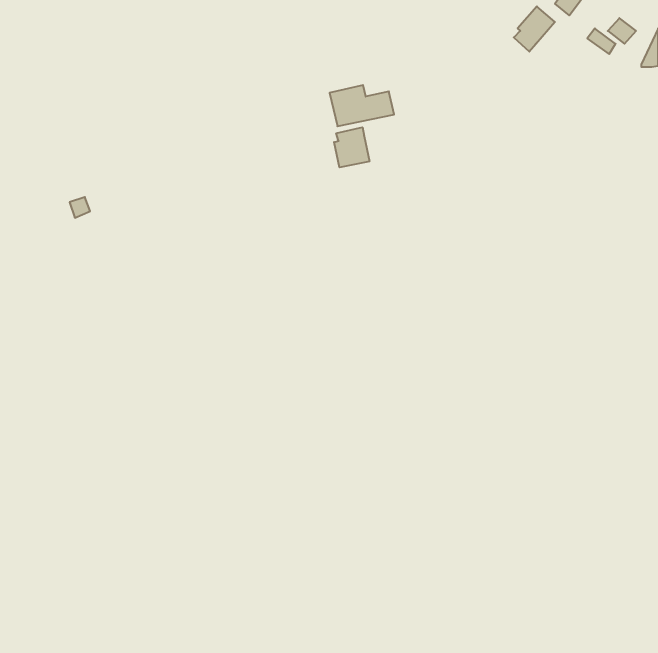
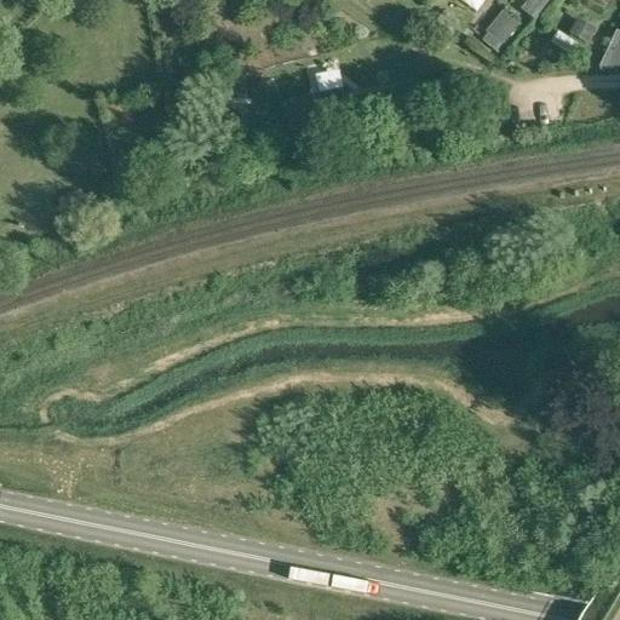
building: [334,127,369,167] -> none

